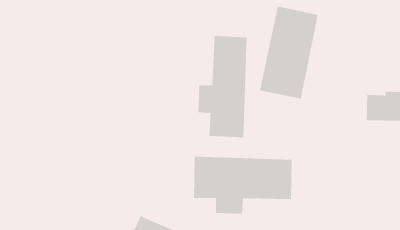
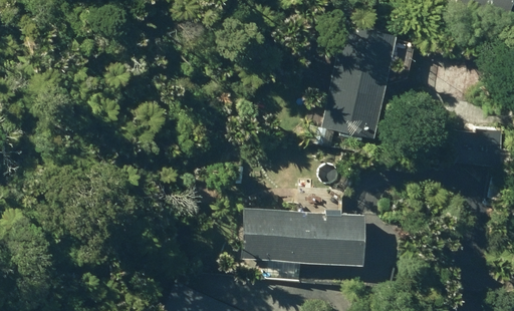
building: [198,35,247,138] -> none

